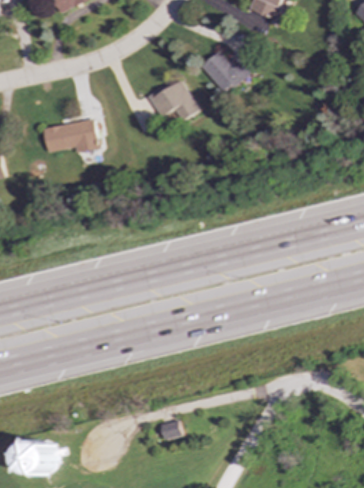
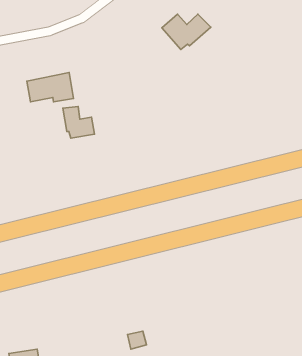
building: [150,81,196,122] -> none
building: none -> [63,107,94,138]

